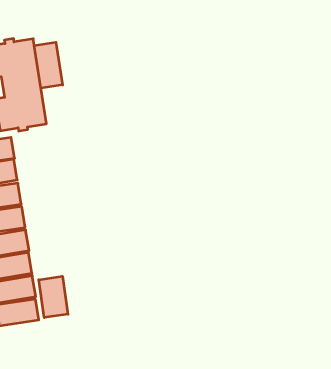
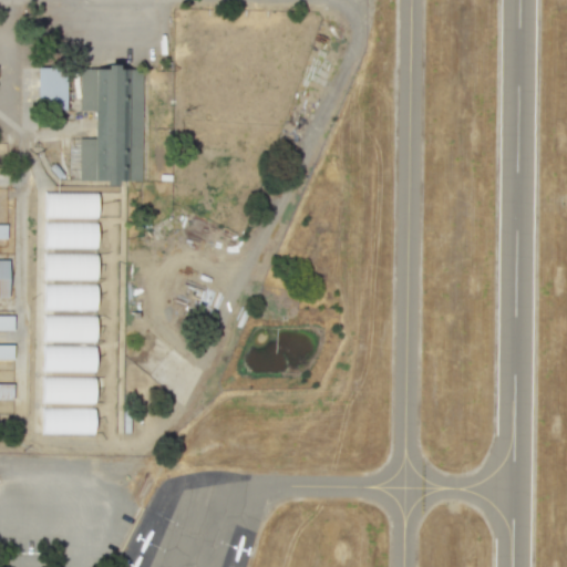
building: [34,42,63,88] -> none
building: [39,276,68,318] -> none

